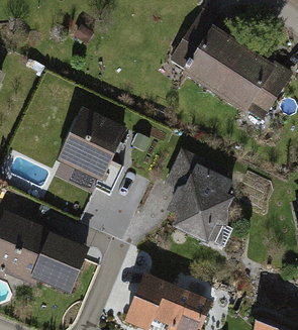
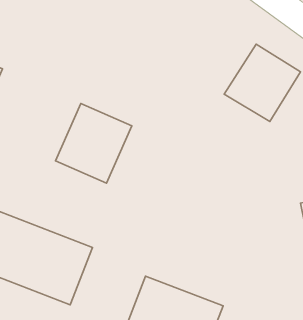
building: [181,26,247,97] -> none
building: [164,155,249,248] -> none

